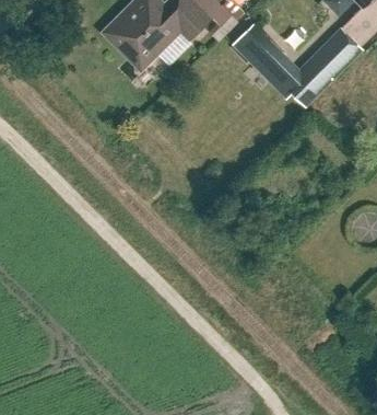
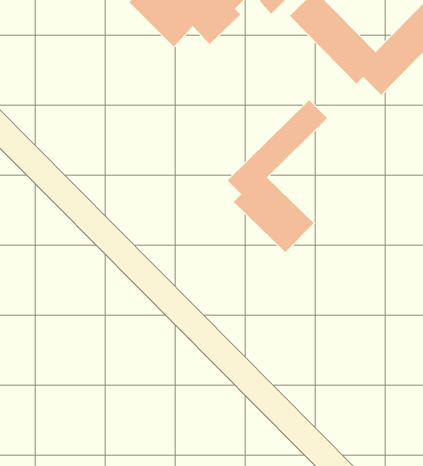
building: none -> [227,100,328,253]

